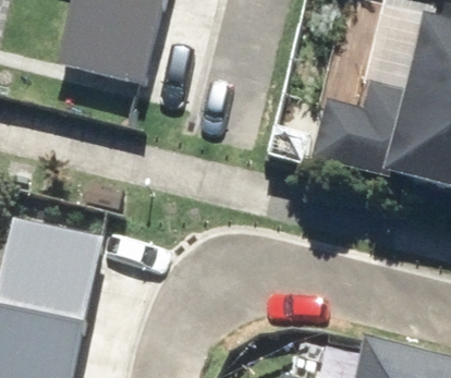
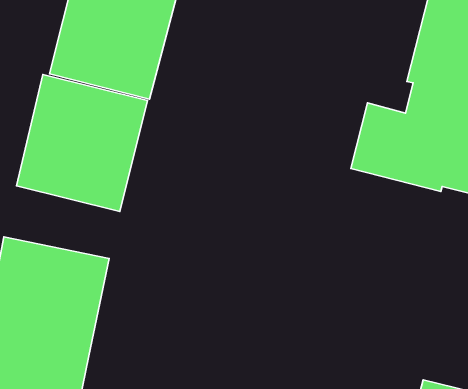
building: none -> [16,75,148,211]

